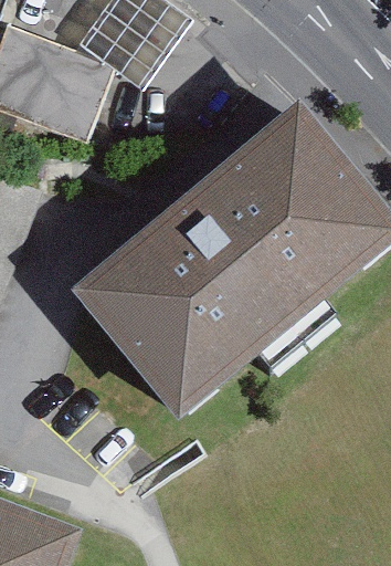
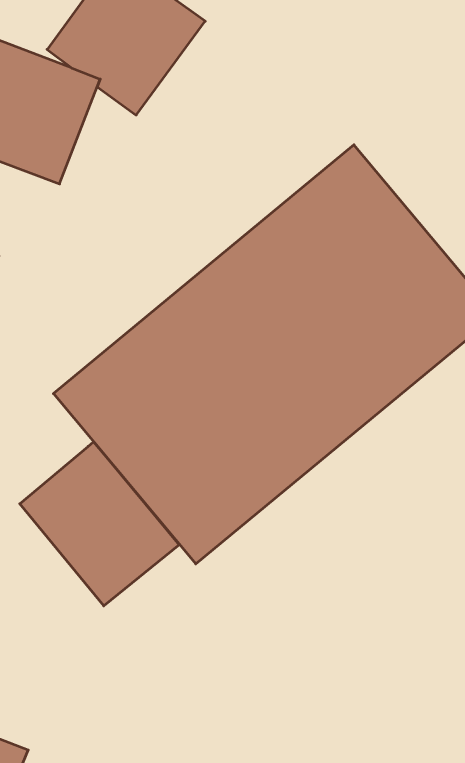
building: none -> [20,442,179,606]

